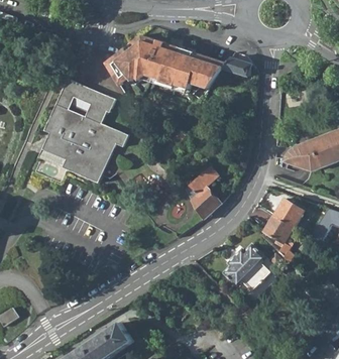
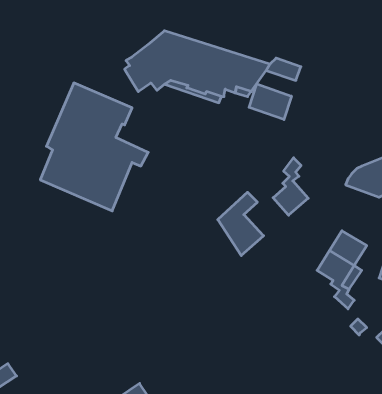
building: none -> [249,84,291,120]
building: none -> [273,158,308,215]
building: [223,244,270,291] -> none

